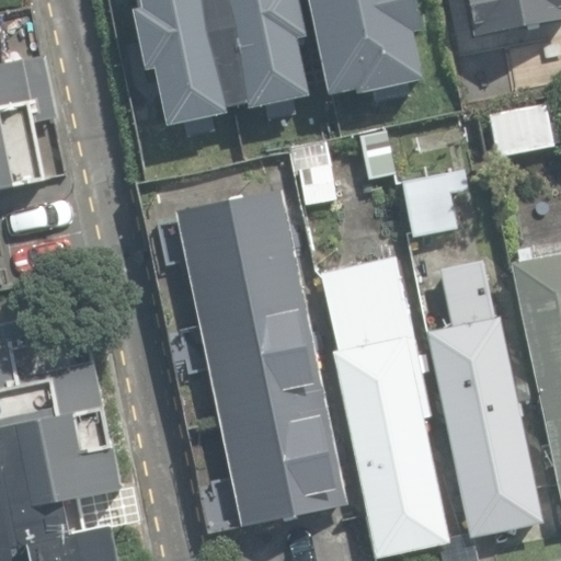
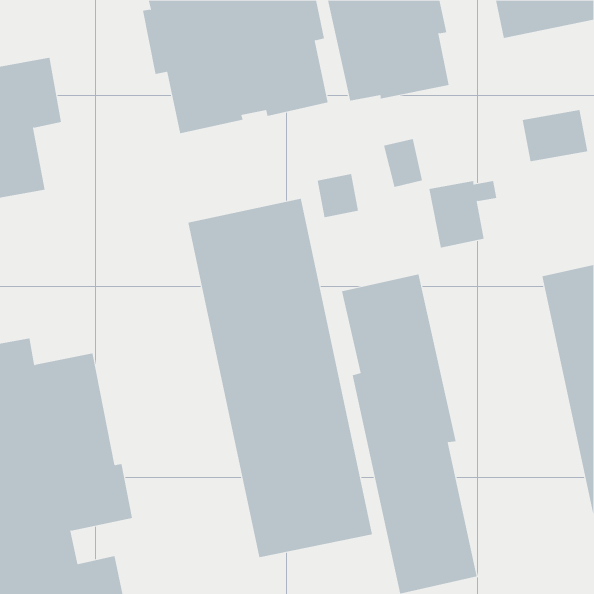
building: [427,261,543,536] -> none

